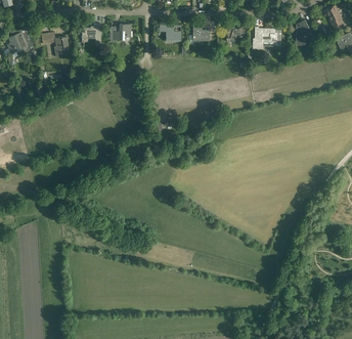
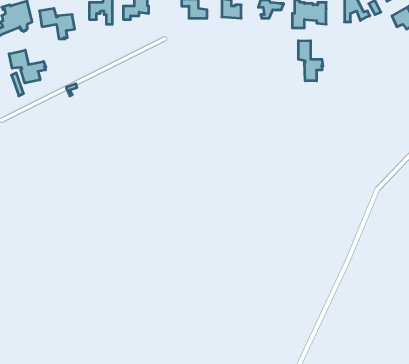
building: none -> [298,41,323,81]
building: none -> [9,50,46,83]

